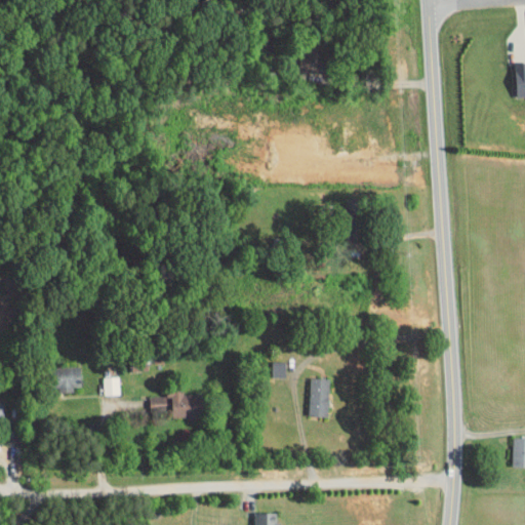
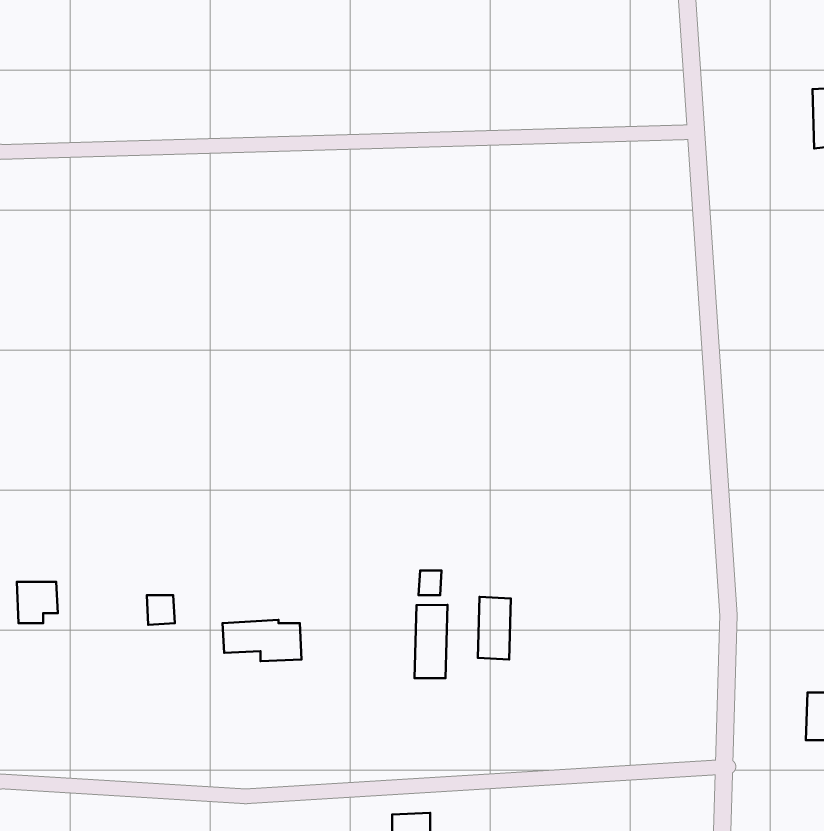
building: [56,367,82,393] -> [17,582,58,623]
building: none -> [415,605,448,678]

